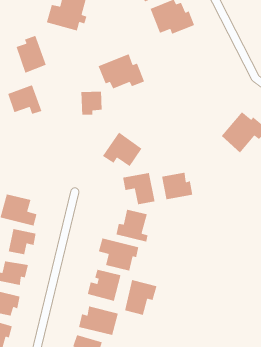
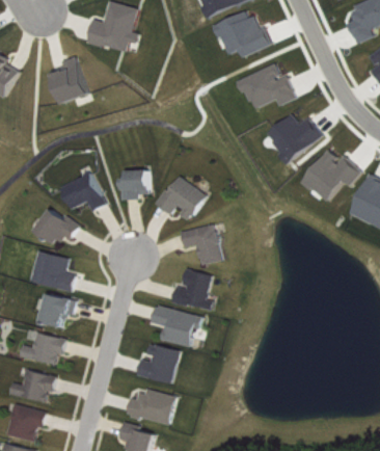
building: [98,53,145,90] -> [237,63,295,108]
building: none -> [265,113,321,162]
building: [7,84,43,115] -> [61,173,105,210]
building: [81,91,103,115] -> [123,169,150,200]
building: none -> [35,208,81,245]
building: [161,172,193,200] -> none
building: [124,279,157,316] -> none

